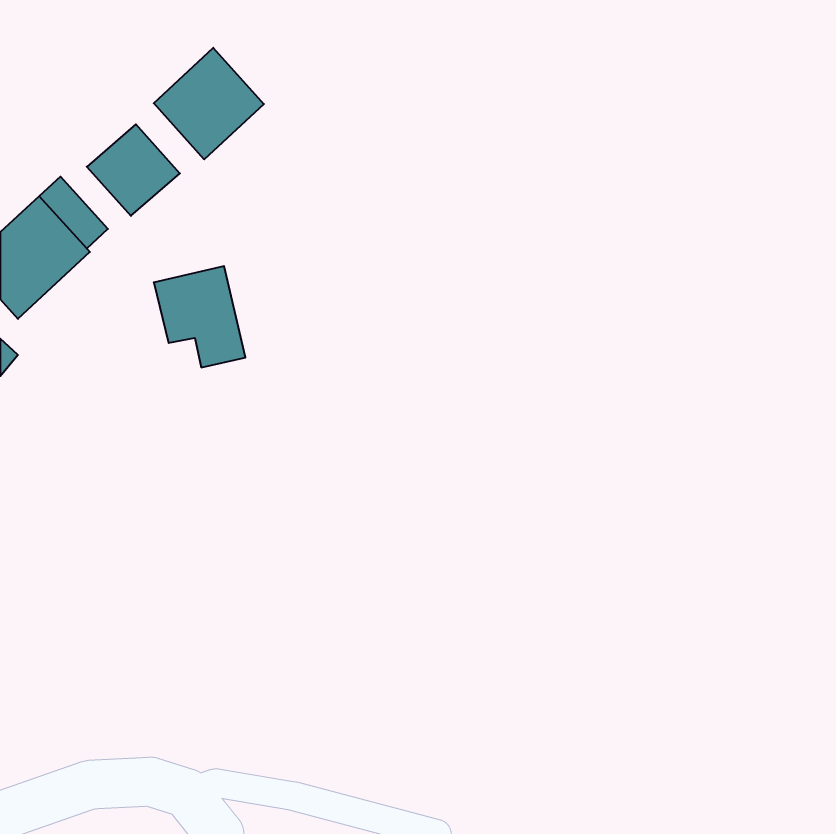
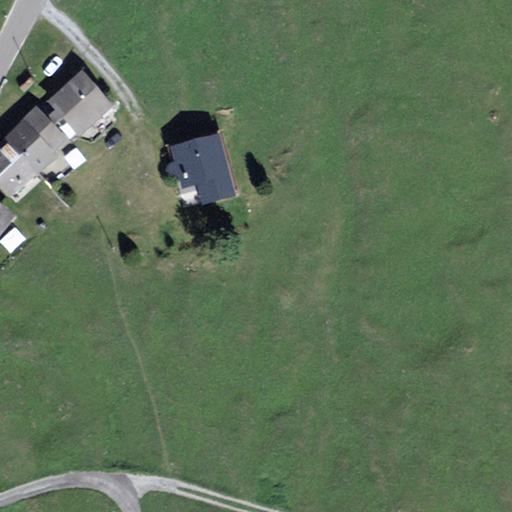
building: [154,48,264,159] -> none
building: [154,266,245,367] -> [177,138,233,200]

